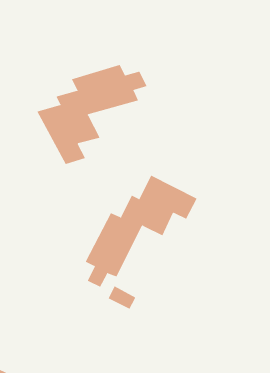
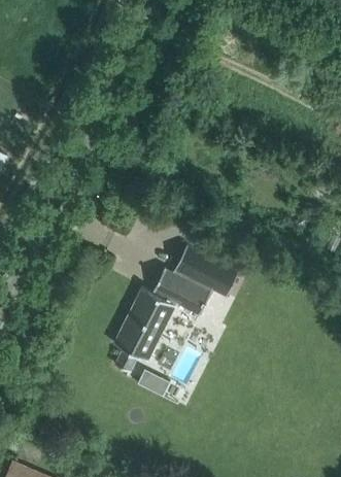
building: [37,64,147,165] -> none

